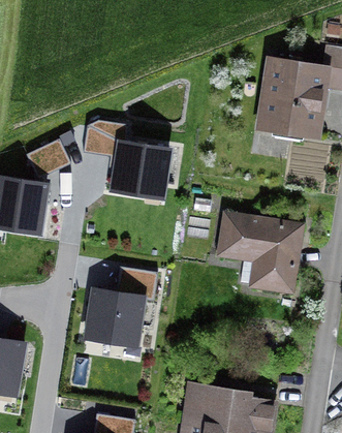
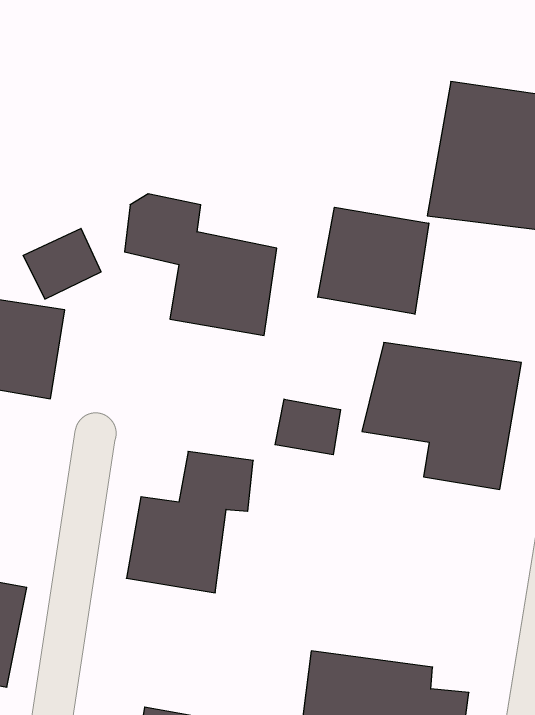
building: none -> [318,207,429,314]
building: none -> [275,399,341,455]

